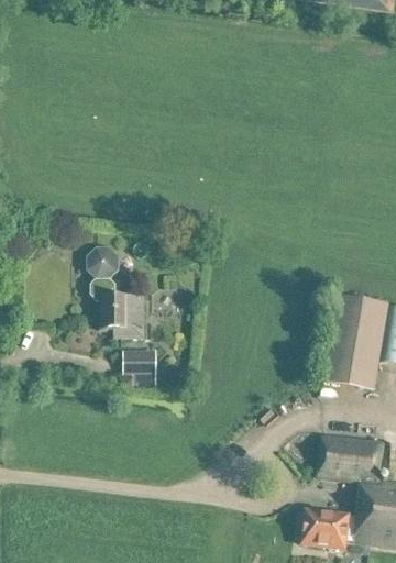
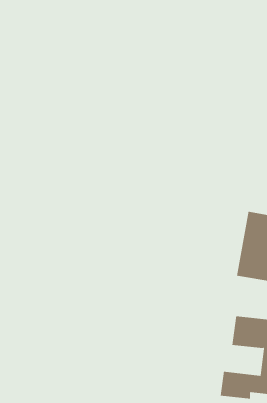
building: [88,247,144,336] -> none
building: [123,349,155,374] -> none

